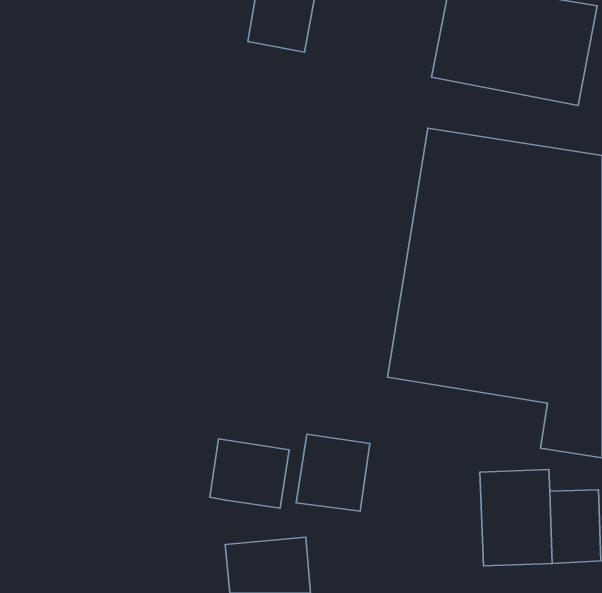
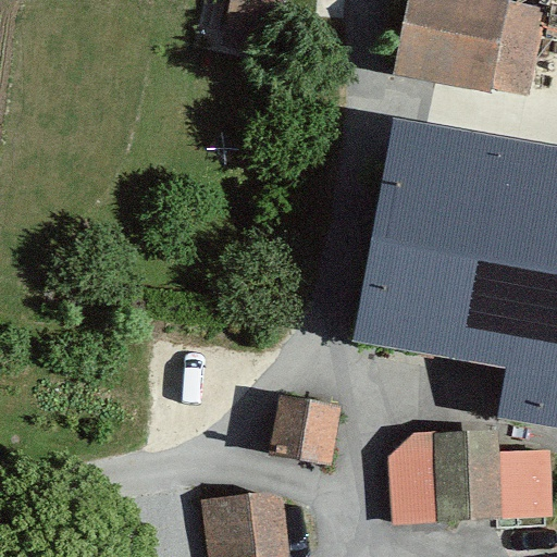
building: [210,439,289,508] -> none
building: none -> [391,433,444,522]

